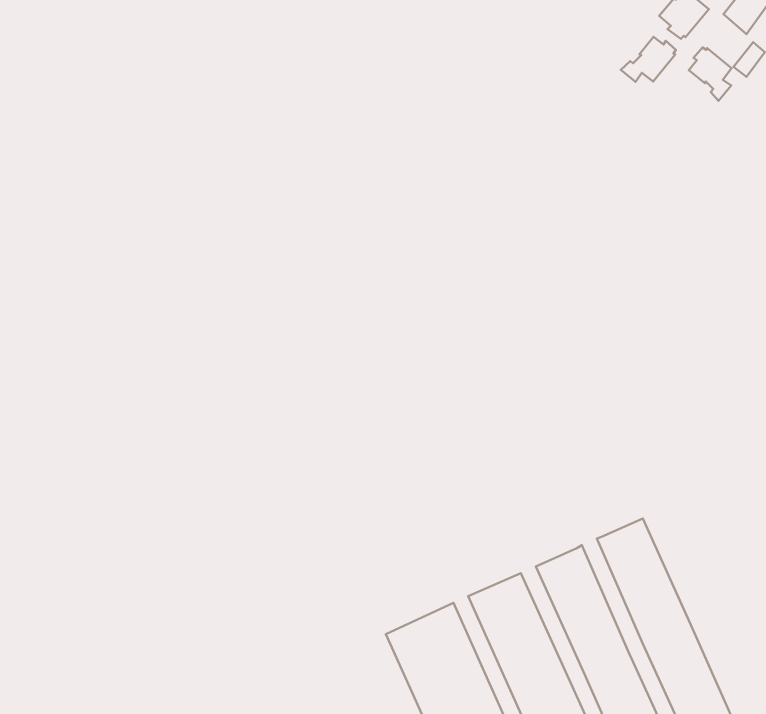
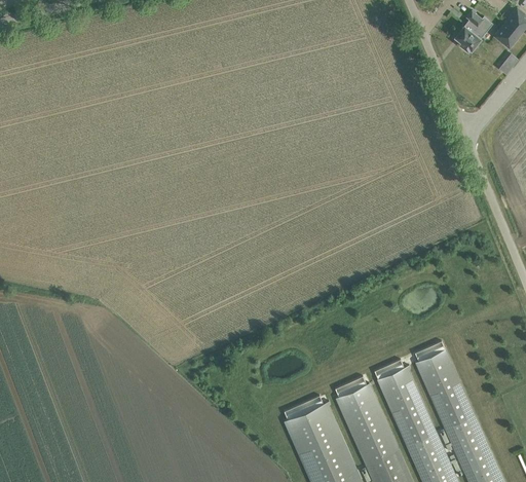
building: [621,37,676,82] -> none
building: [689,47,732,101] -> none

